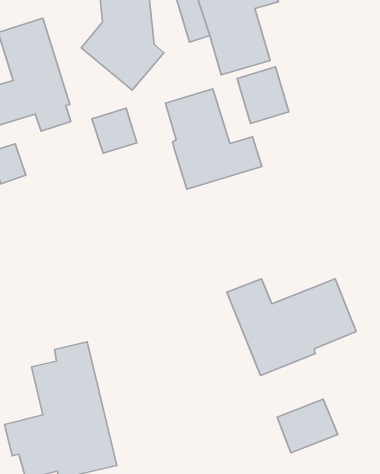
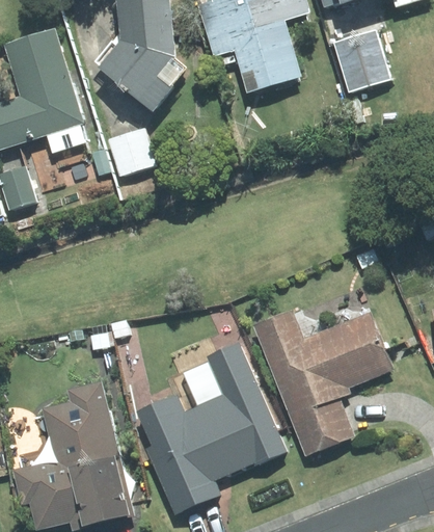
building: [237,67,289,123] -> [333,30,389,91]
building: [165,89,262,189] -> none
building: none -> [136,344,283,516]
building: [277,399,338,453] -> [290,398,355,456]

